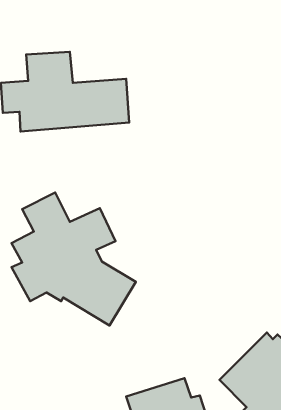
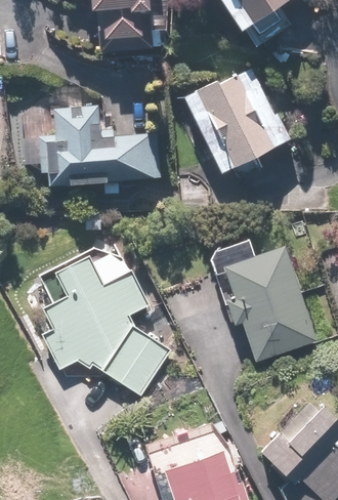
building: none -> [181,69,291,176]
building: none -> [218,244,314,362]

